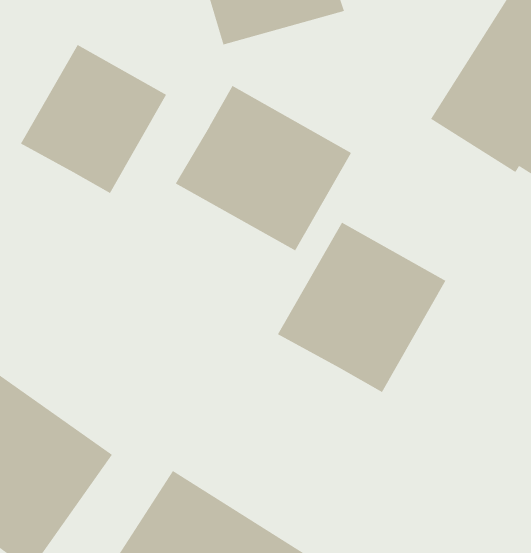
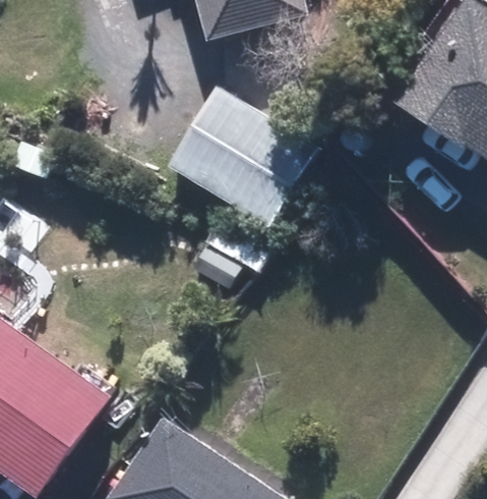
building: [20,44,167,194] -> none
building: [277,222,446,393] -> none

